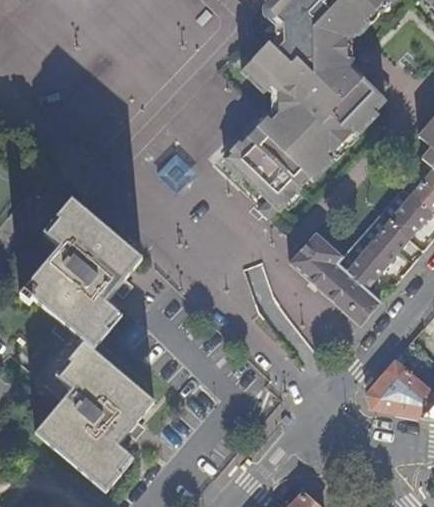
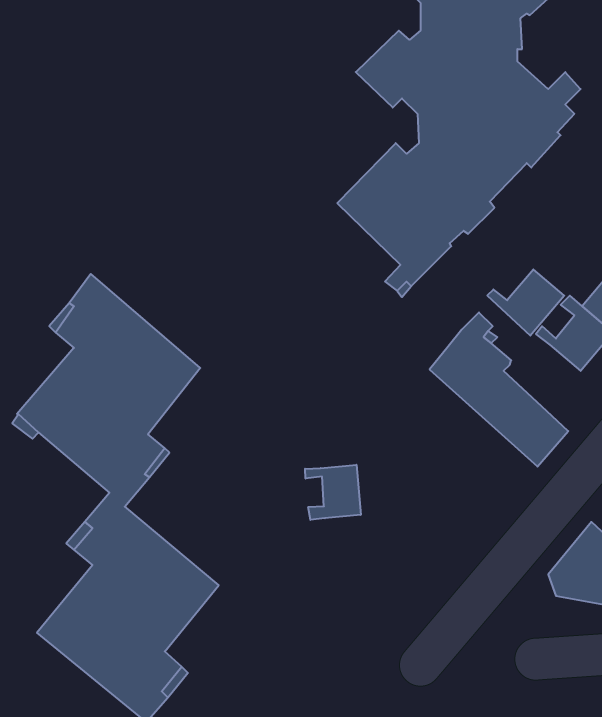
building: [338,245,388,288] -> [487,269,564,336]
building: none -> [305,465,361,520]

